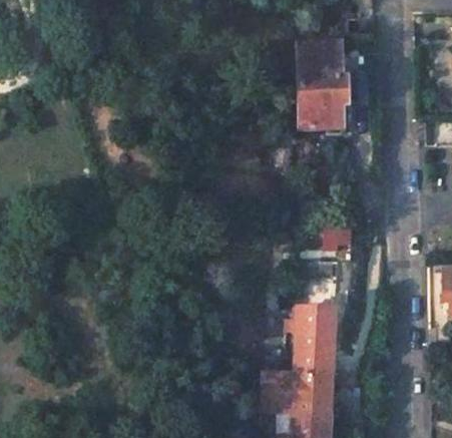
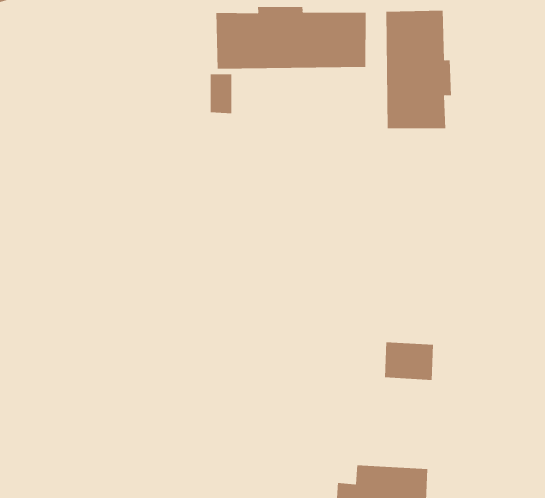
building: none -> [216,6,366,69]
building: [295,309,333,375] -> none

